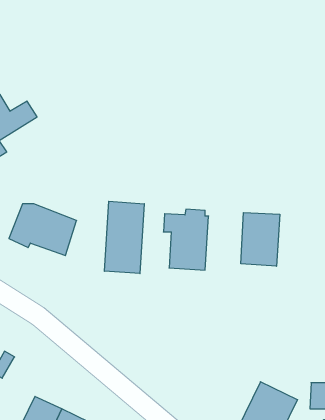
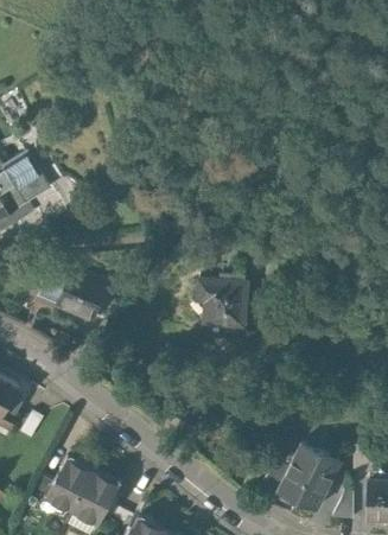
building: [104,201,144,274] -> none
building: [241,213,280,266] -> none

